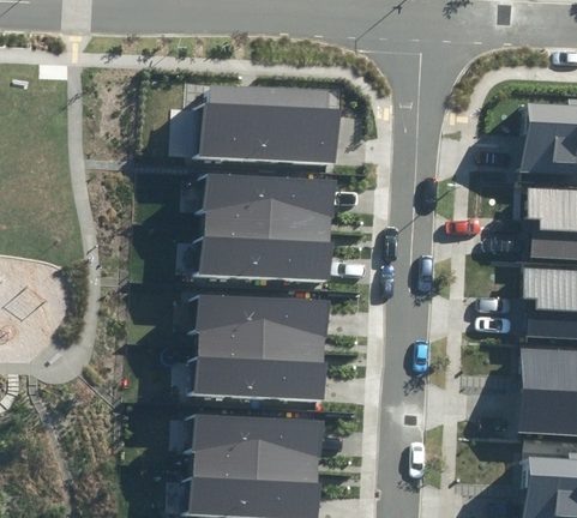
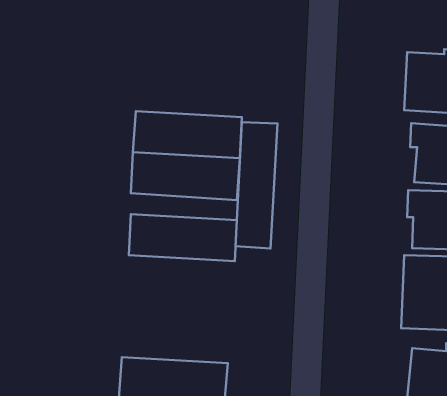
building: [197,104,327,161] -> none
building: none -> [236,122,277,248]
building: [191,345,321,402] -> none
building: [186,418,315,475] -> none

